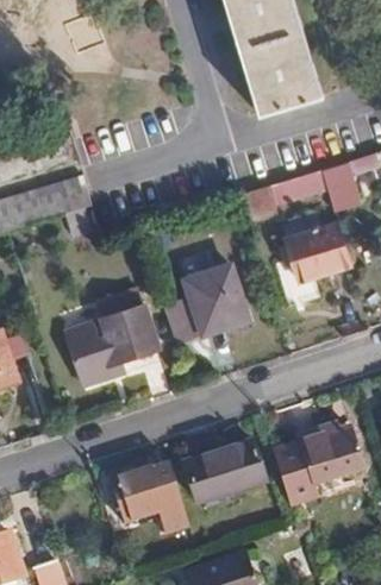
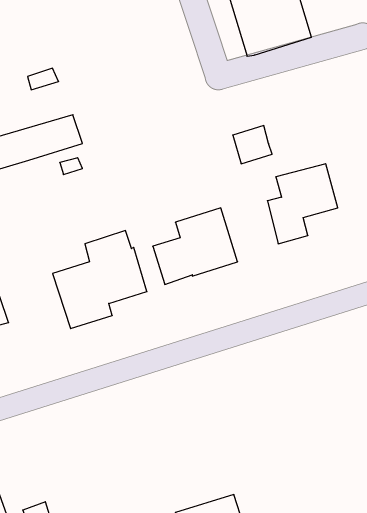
building: [275,163,360,214] -> none
building: [276,422,366,502] -> none
building: [186,440,266,501] -> none
building: [113,463,190,534] -> none

